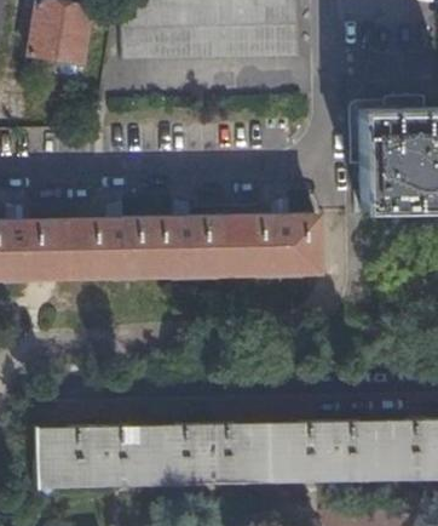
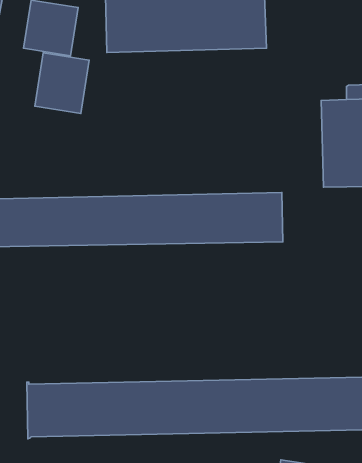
building: none -> [35,53,89,113]

